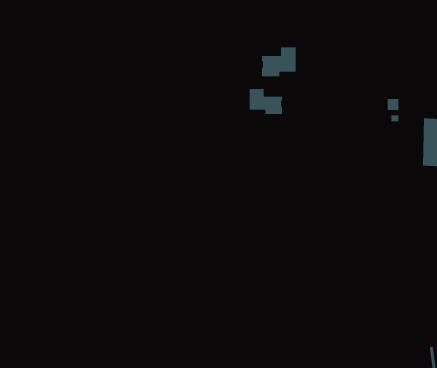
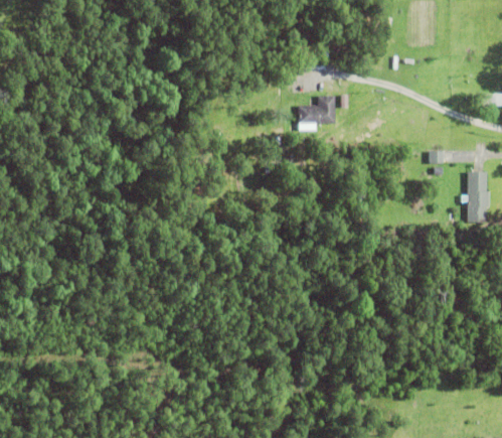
building: [249,88,283,115] -> none

